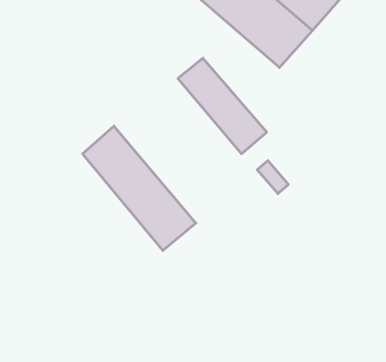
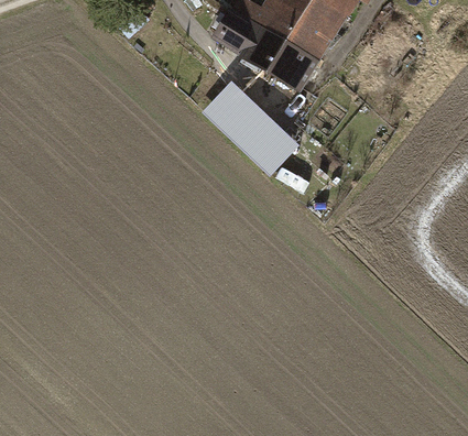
building: [83,126,196,251] -> none

